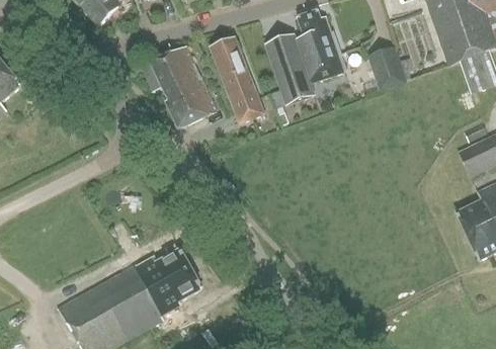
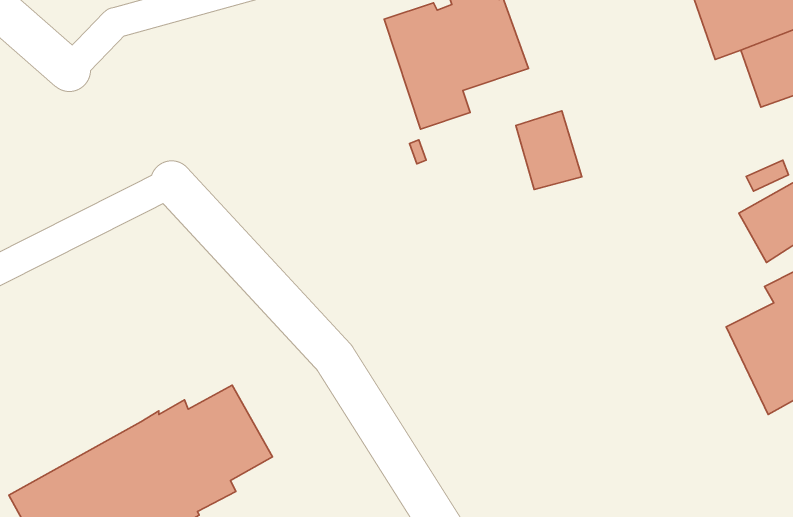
building: [210,37,264,123] -> none
building: [149,45,216,127] -> none
building: [371,46,408,89] -> [516,111,582,190]

